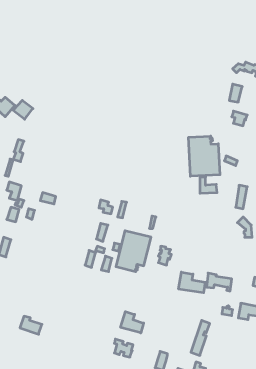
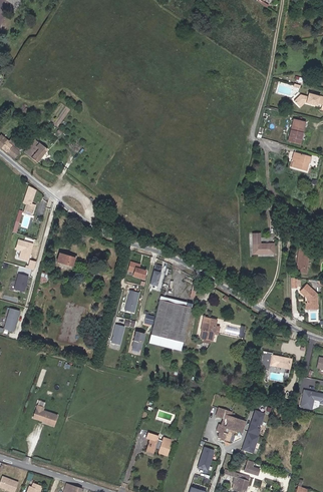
building: [189,136,220,176] -> none
building: [179,272,205,293] -> none
building: [121,312,144,333] -> none
building: none -> [217,408,245,440]

